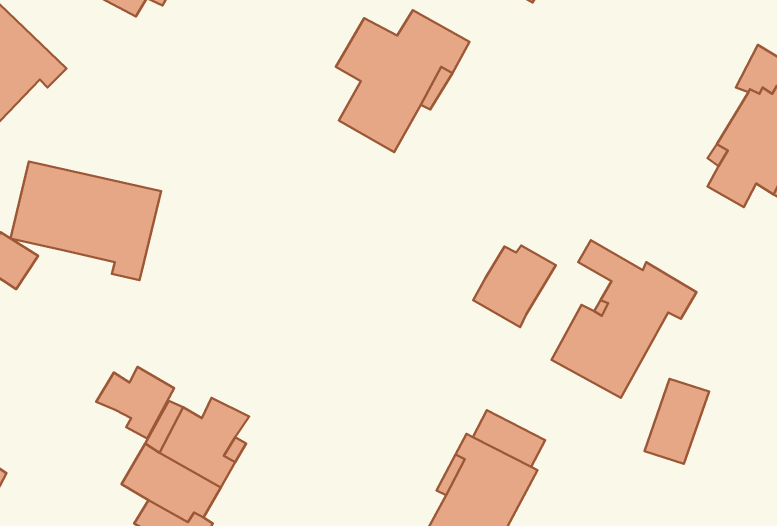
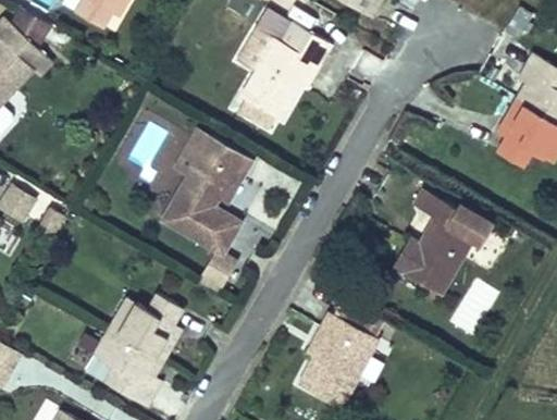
building: [10,161,161,280] -> none
building: none -> [158,131,250,297]
building: [473,245,556,327] -> none
building: [96,367,174,438] -> none

